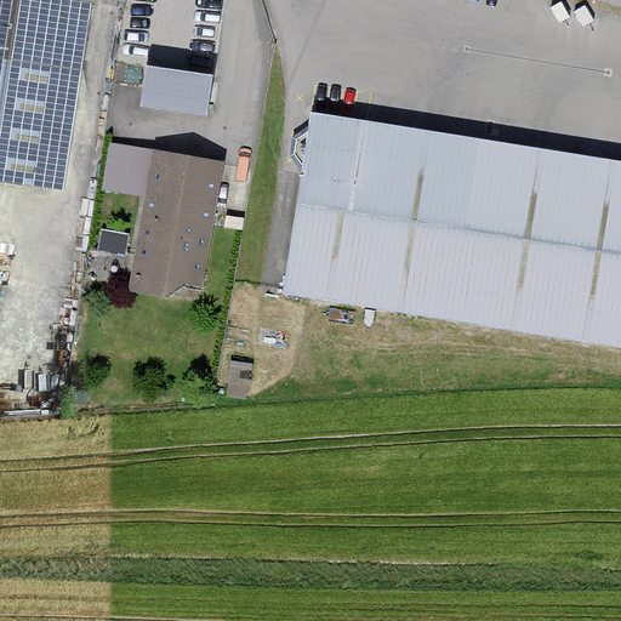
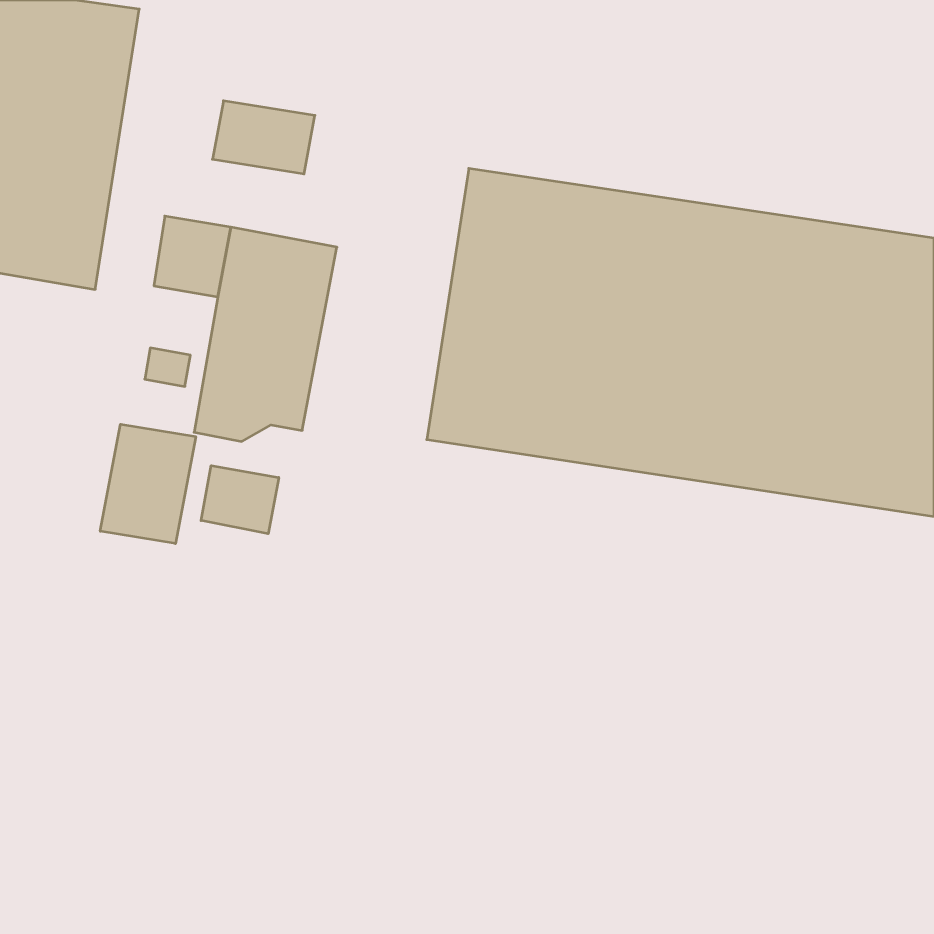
building: none -> [100,424,196,544]
building: none -> [201,466,279,534]

